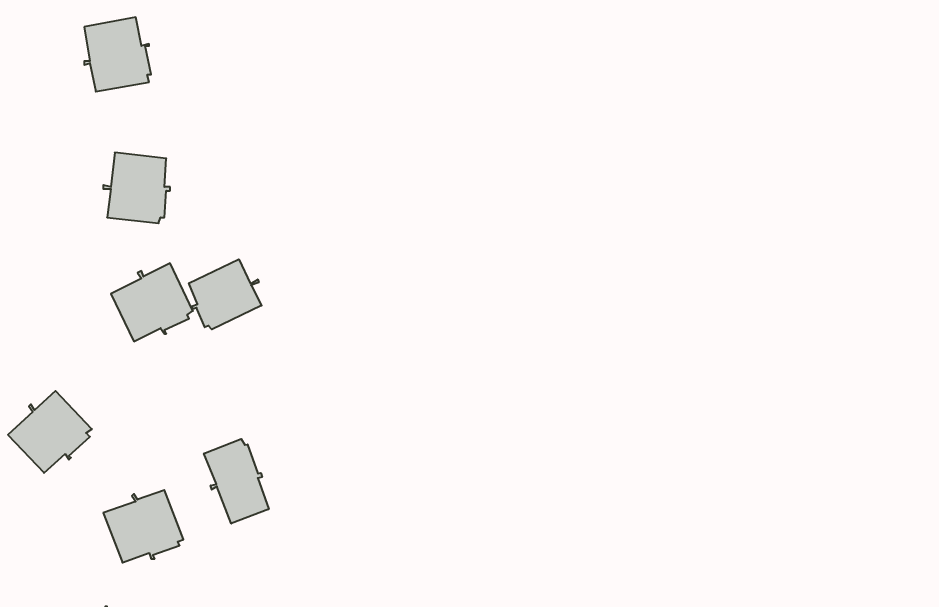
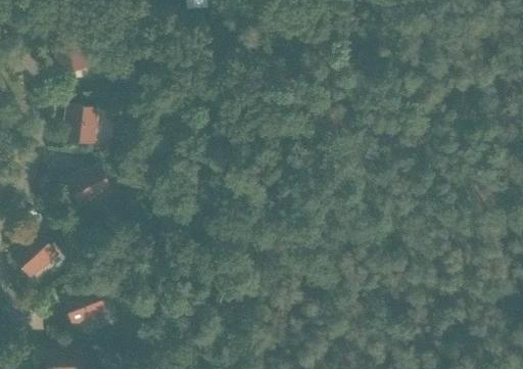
building: [189,259,262,329] -> none
building: [204,439,269,524] -> none

